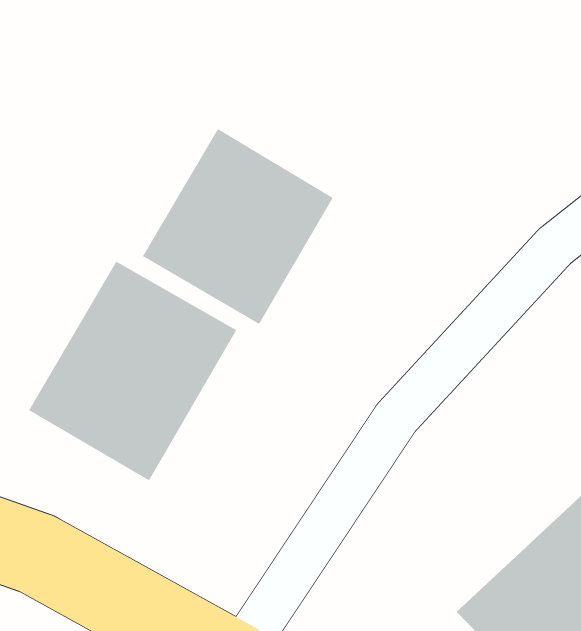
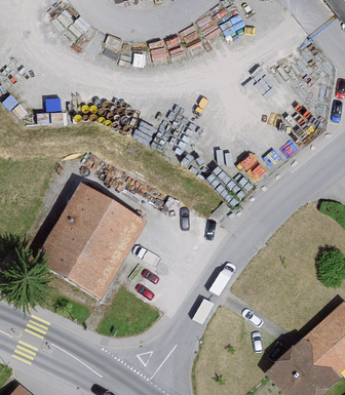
building: [142,128,333,325] -> none

